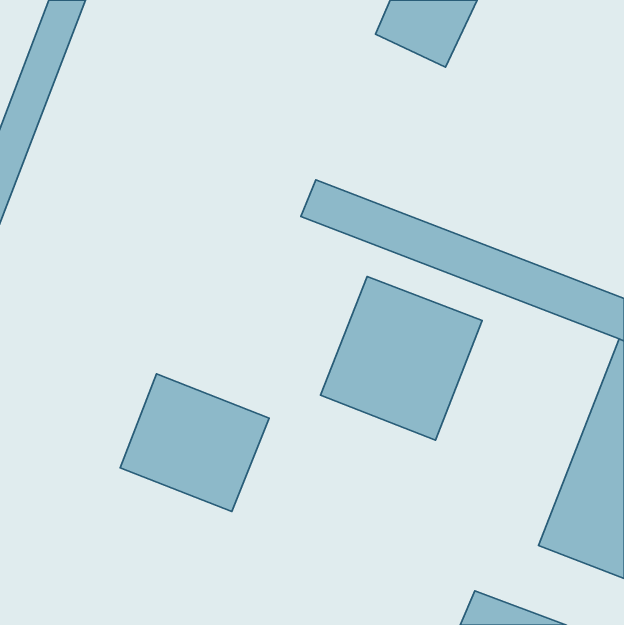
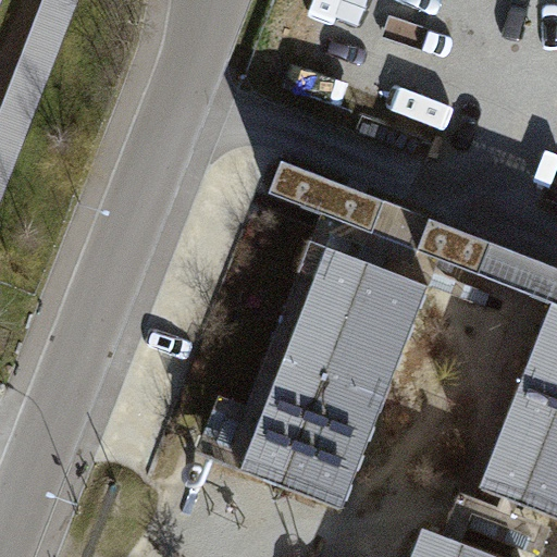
building: [120,374,269,511] -> none
building: none -> [240,351,387,507]

